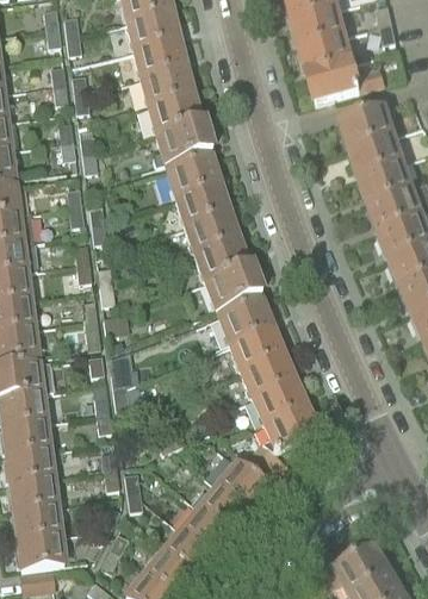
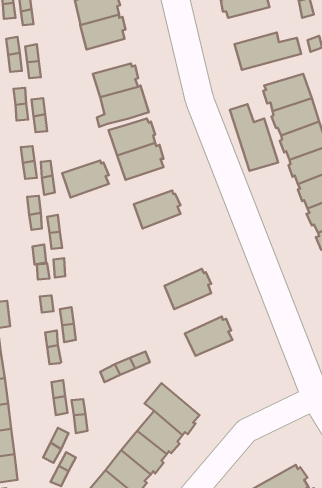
building: [299,32,355,74] -> none
building: [141,68,192,107] -> none
building: none -> [230,104,278,171]
building: [185,212,237,254] -> [62,160,109,198]
building: [204,264,260,311] -> none
building: [217,300,271,345] -> none
building: [240,354,293,399] -> none
building: [244,406,317,473] -> none

